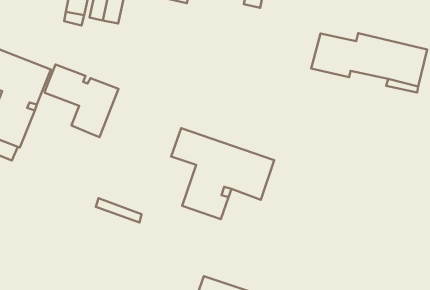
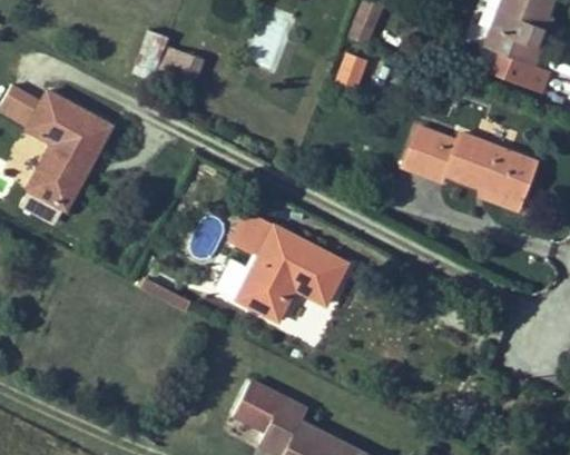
building: [45,64,119,137] -> none

